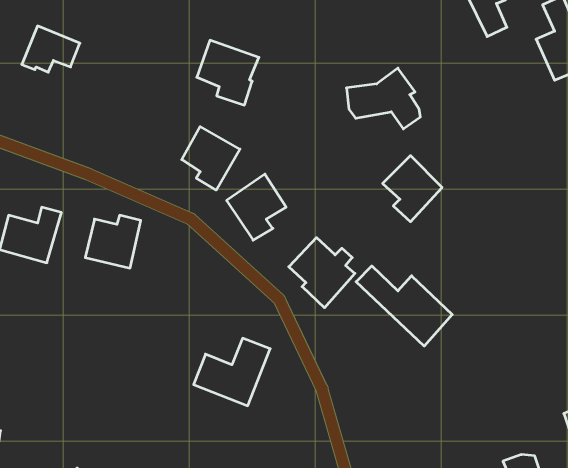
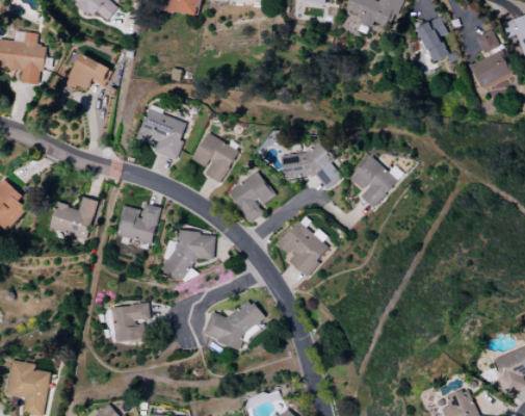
building: [197,40,259,105] -> [138,108,187,159]
building: [346,68,420,129] -> [281,140,339,188]
building: none -> [163,231,215,279]
building: [356,266,452,346] -> none
building: none -> [110,303,150,342]

